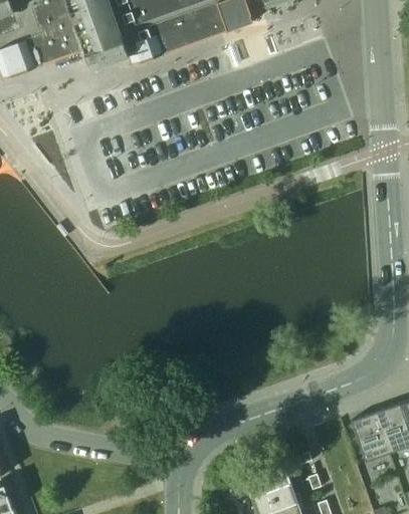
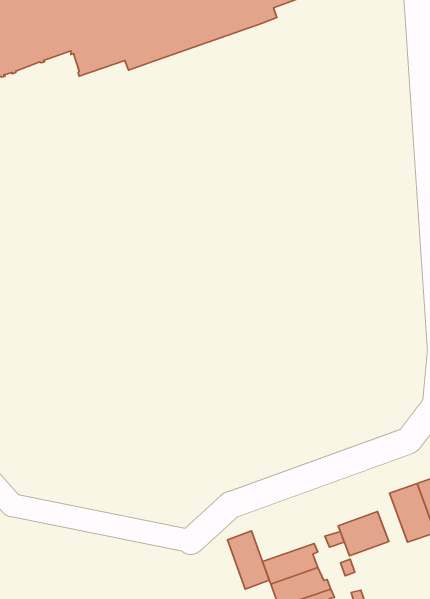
building: none -> [338,511,389,556]
building: none -> [228,531,269,589]

